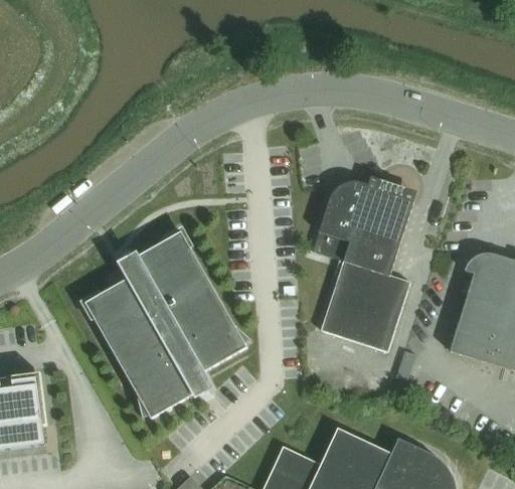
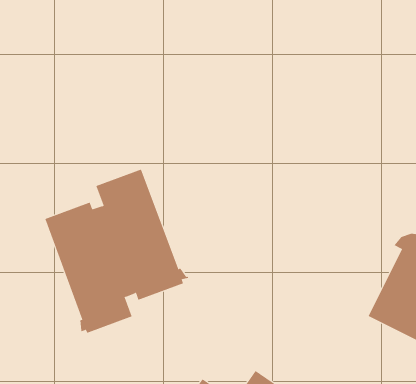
building: [313,181,414,352] -> none

